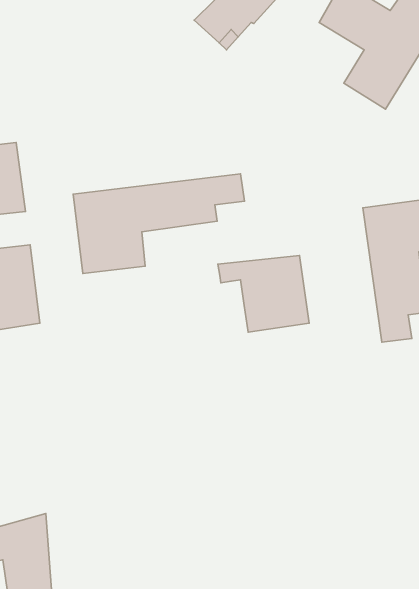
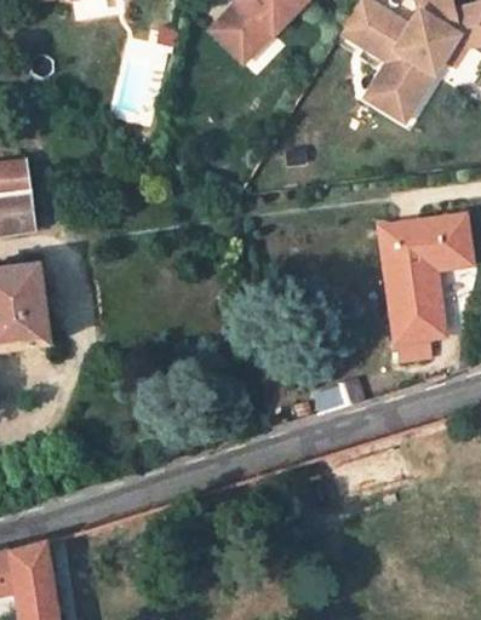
building: [73,174,245,274] -> none
building: [218,255,309,332] -> none

